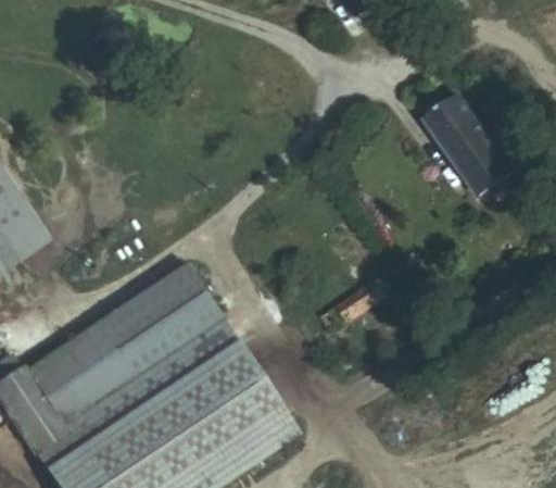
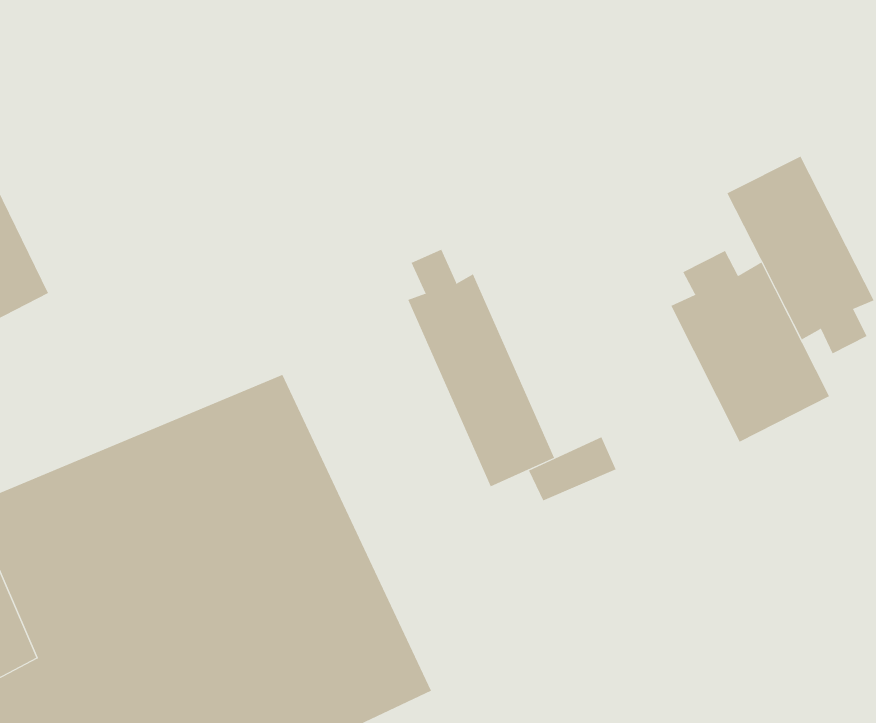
building: none -> [671,250,830,443]
building: none -> [408,249,555,487]

